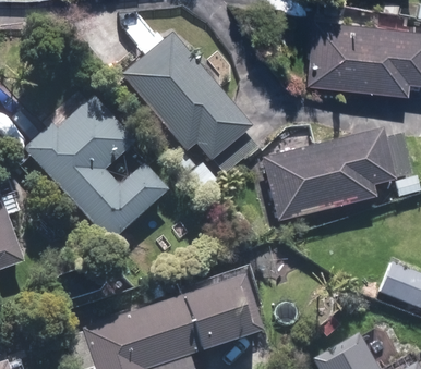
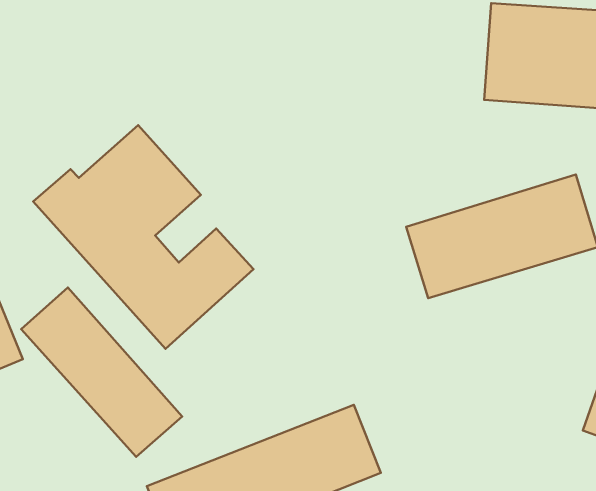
building: [121,35,251,162] -> none
building: none -> [21,288,182,457]

